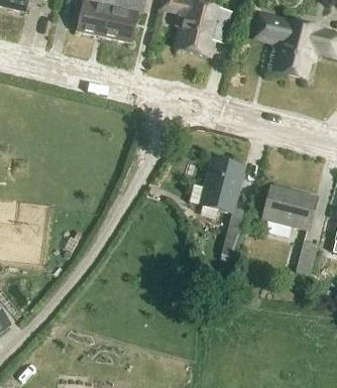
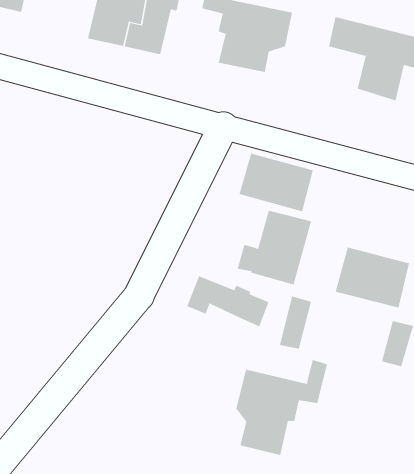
building: none -> [239,153,313,212]
building: none -> [187,276,269,327]
building: none -> [236,359,327,456]

